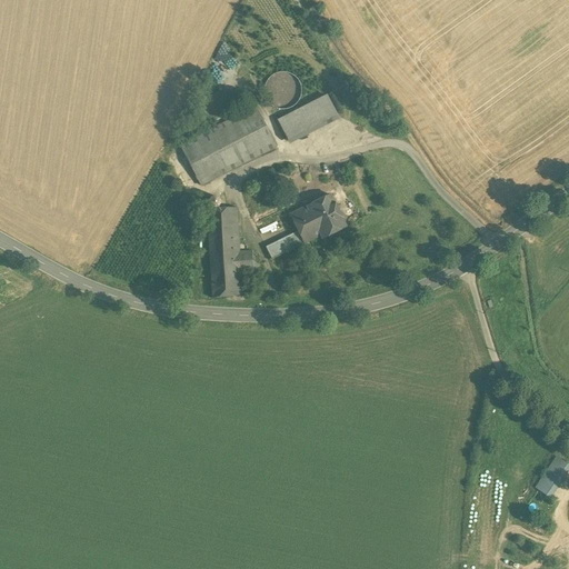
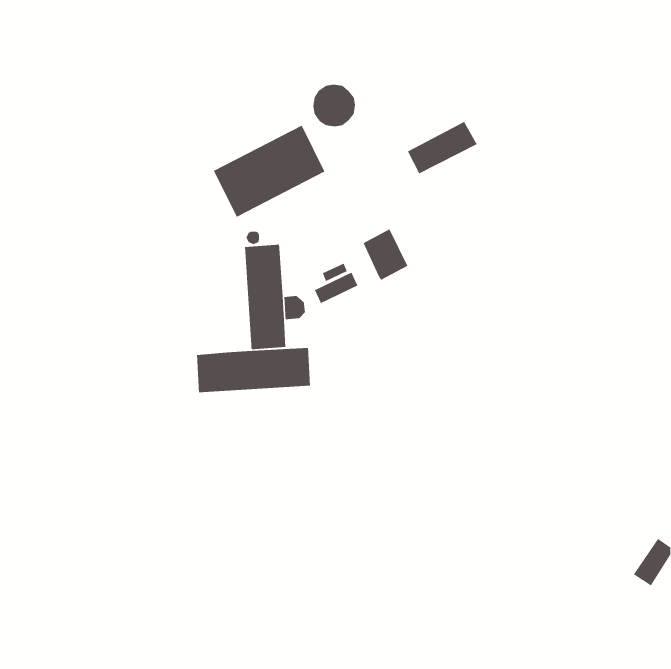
building: [278,94,338,140] -> [407,121,478,175]
building: [290,206,320,242] -> none
building: none -> [196,347,311,393]

